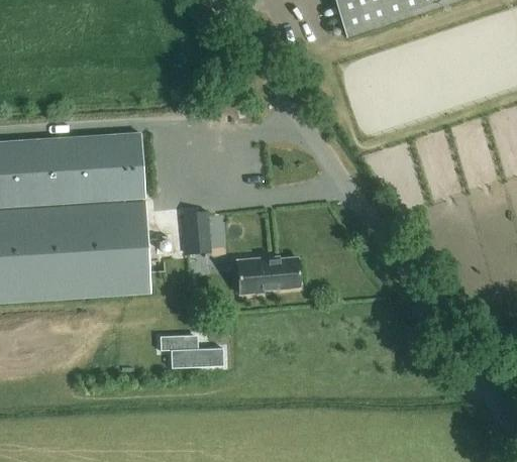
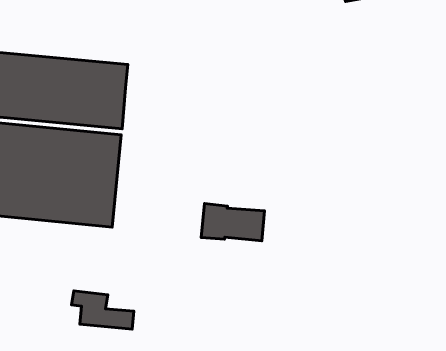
building: [183,210,211,253] -> none
building: [160,334,223,367] -> [72,291,134,329]

